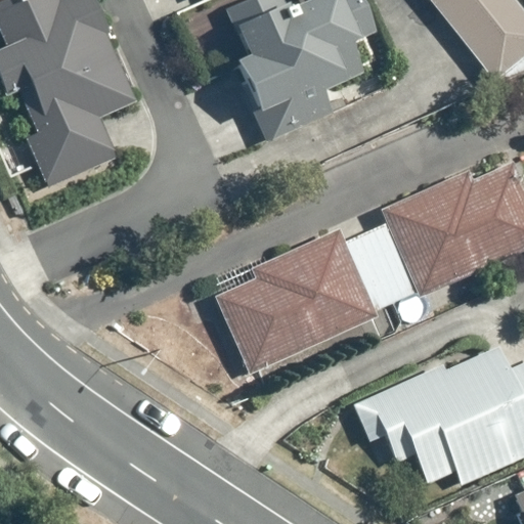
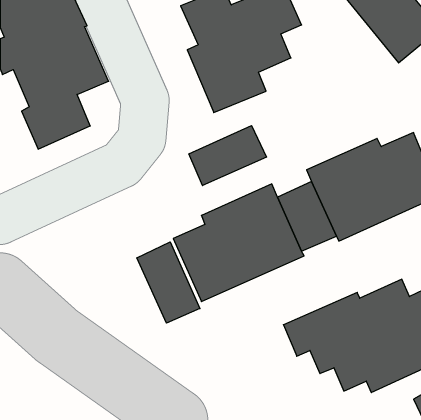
building: none -> [189,126,267,186]
building: none -> [137,242,200,323]

